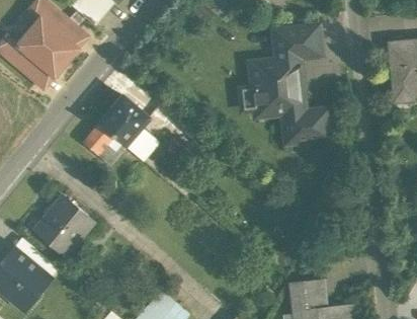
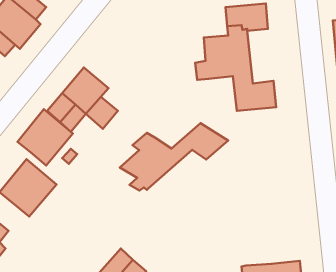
building: none -> [17,109,73,165]
building: none -> [120,123,228,191]
building: [294,280,324,309] -> none

